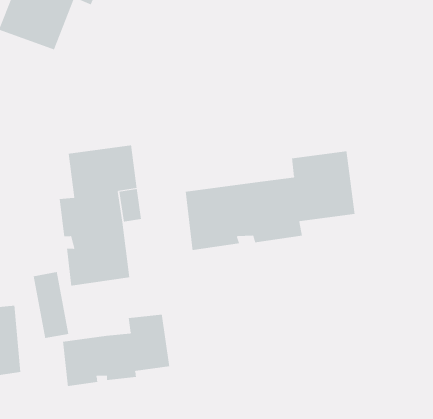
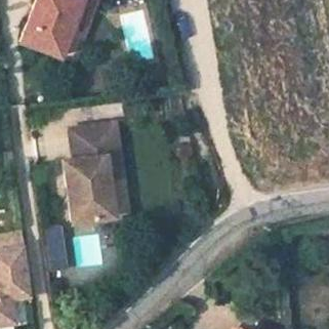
building: [185,150,355,251] -> none
building: [62,314,170,387] -> none

